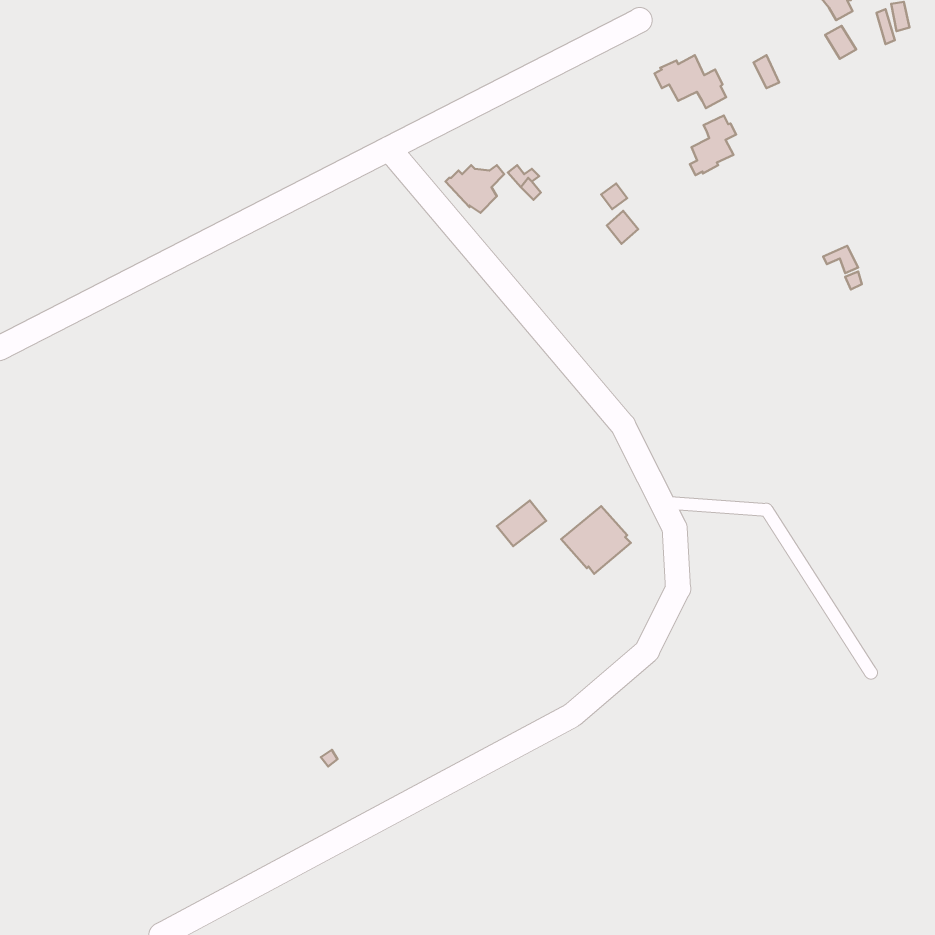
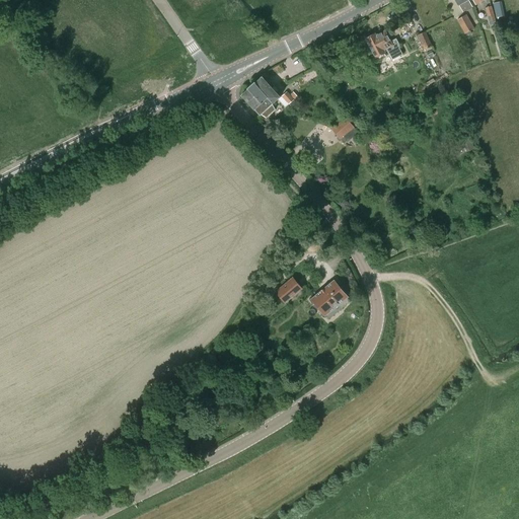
building: [690,116,736,175] -> none
building: none -> [240,76,277,100]

